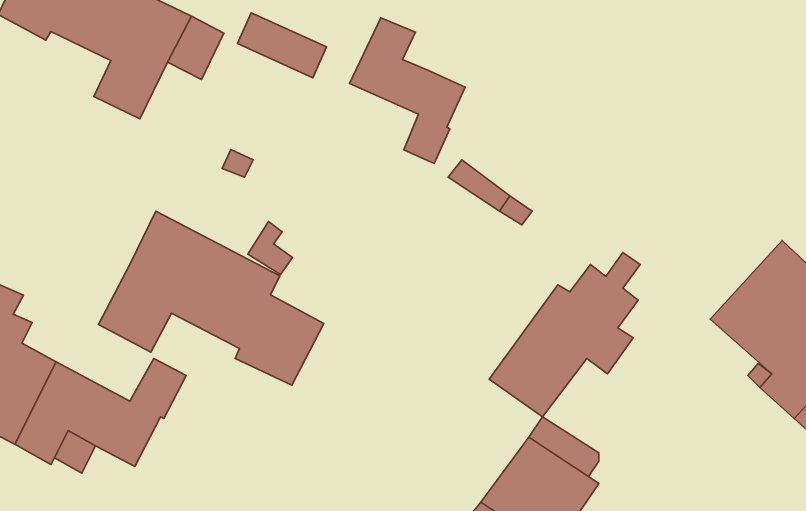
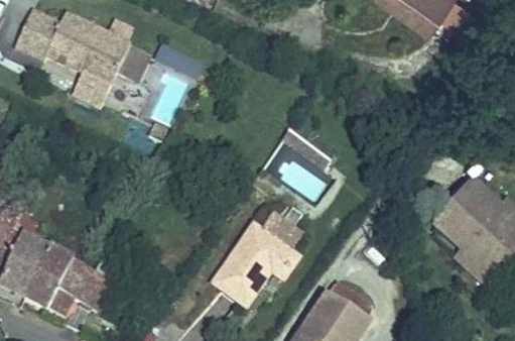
building: [349,18,465,164] -> none
building: [99,211,324,385] -> none
building: [489,252,640,417] -> [213,208,301,305]

